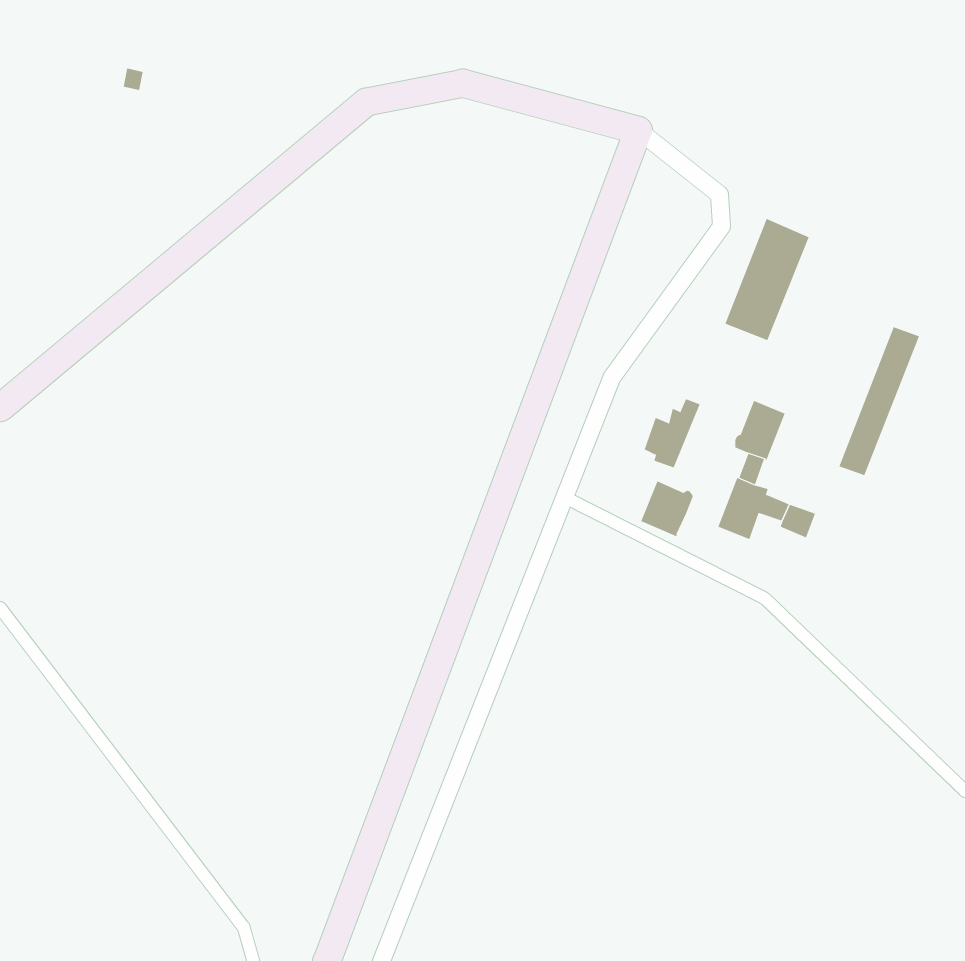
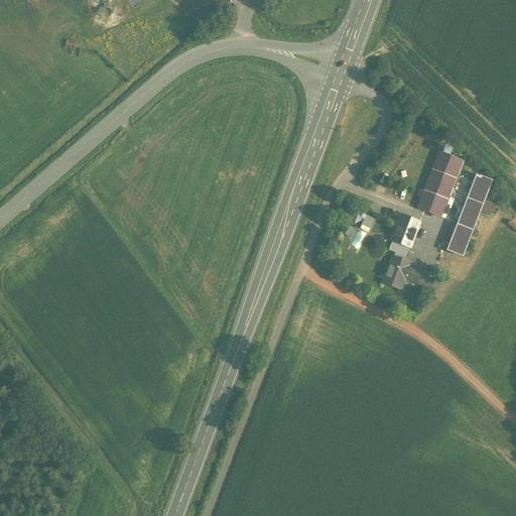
building: [724,218,809,341] -> [417,150,463,216]
building: [640,481,694,537] -> none

